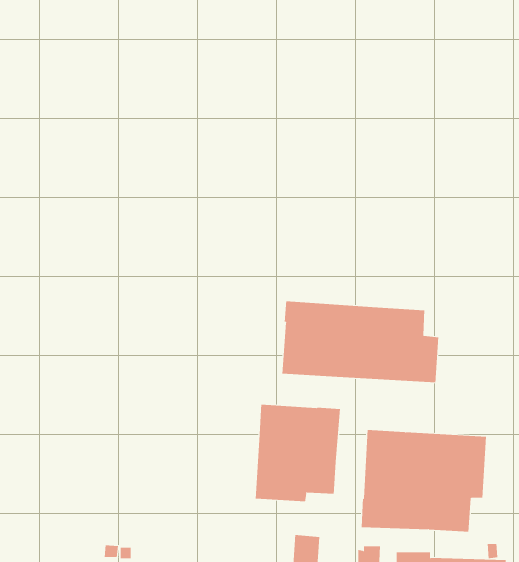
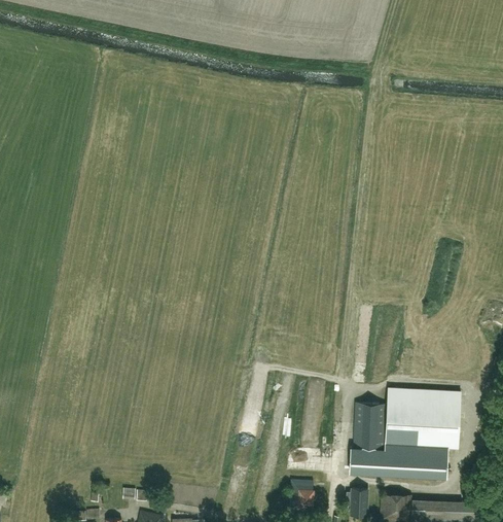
building: [282,300,439,383] -> none
building: [255,404,341,502] -> none

